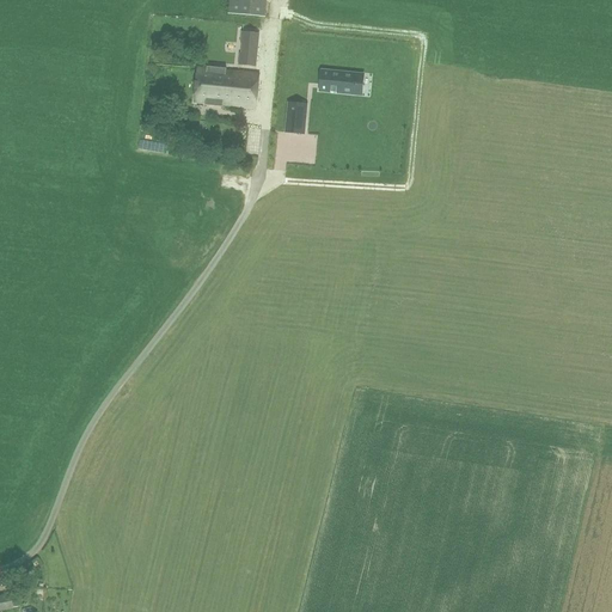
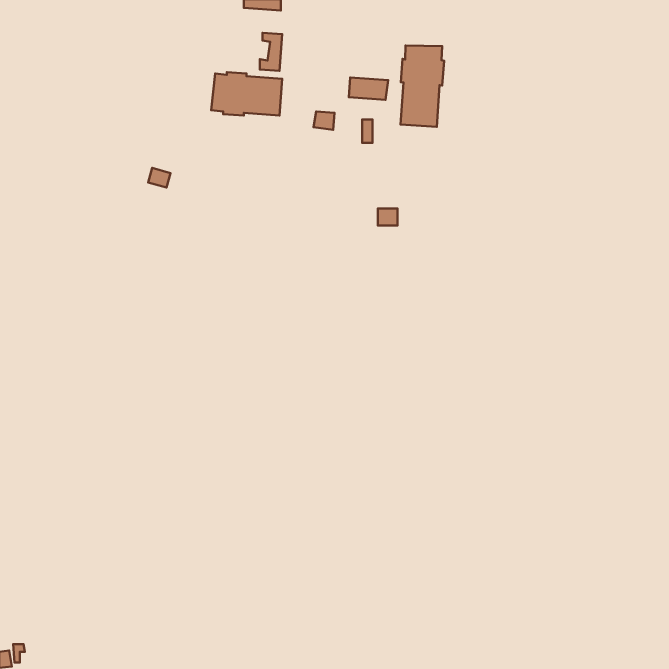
building: none -> [401,45,444,127]

